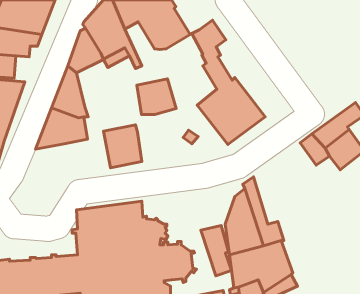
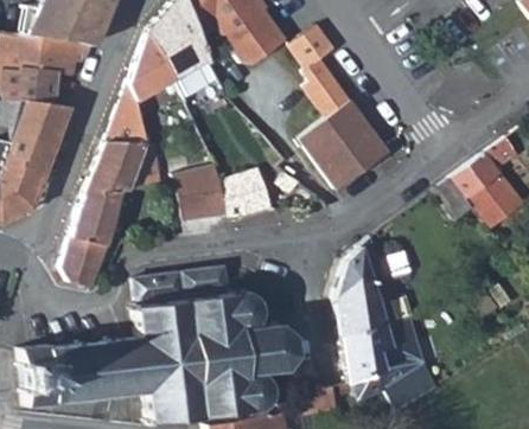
building: [137,79,176,115] -> [219,167,272,214]
building: none -> [60,191,122,284]
building: [201,226,232,276] -> none

